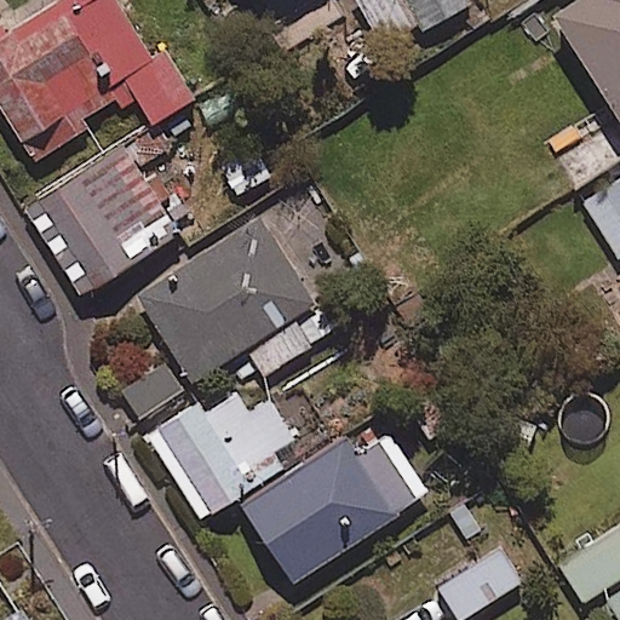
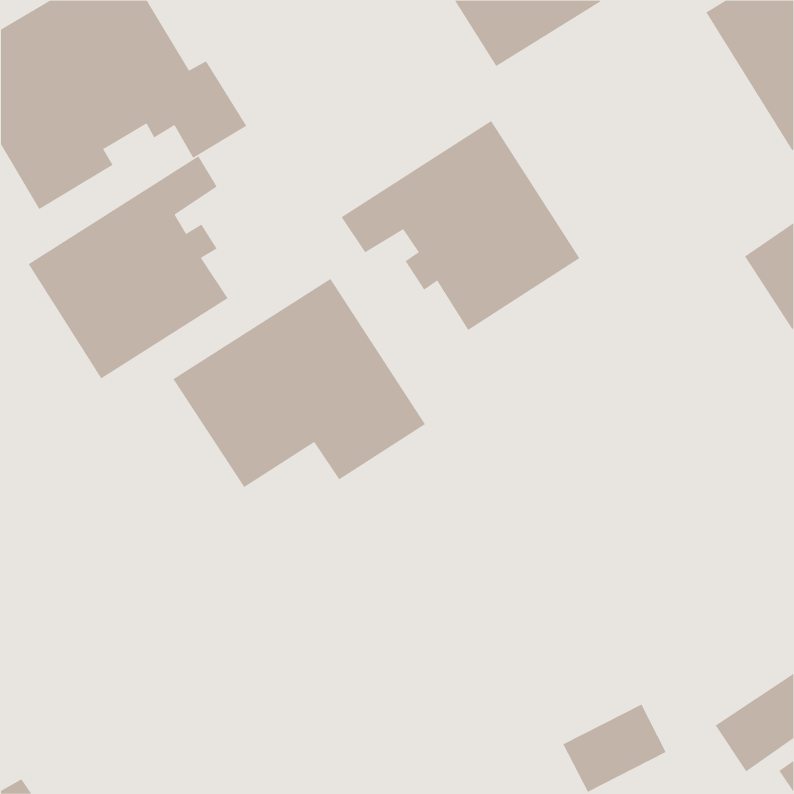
building: none -> [341,120,580,331]
building: [149,395,302,518] -> none
building: [241,434,415,582] -> none

